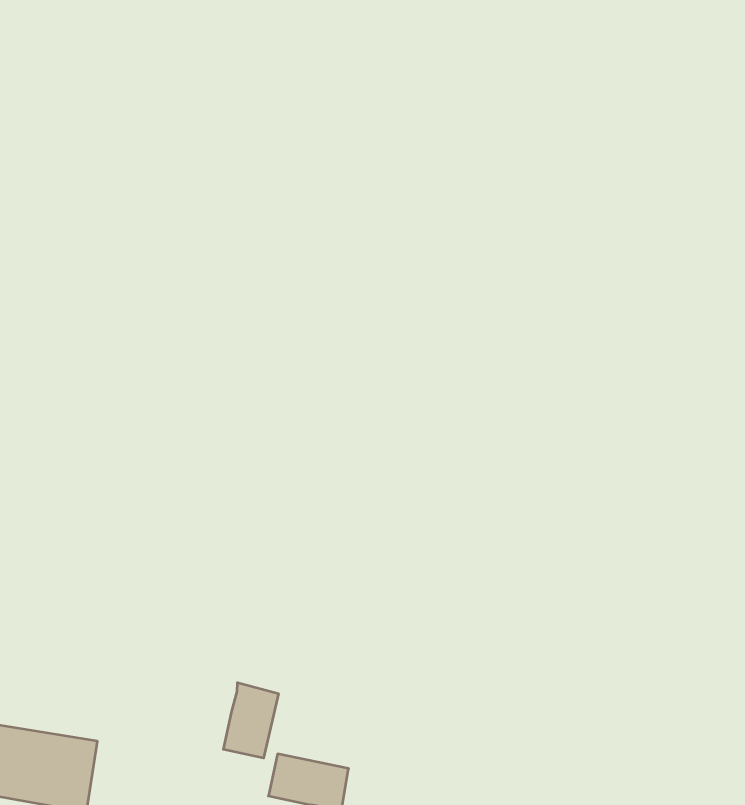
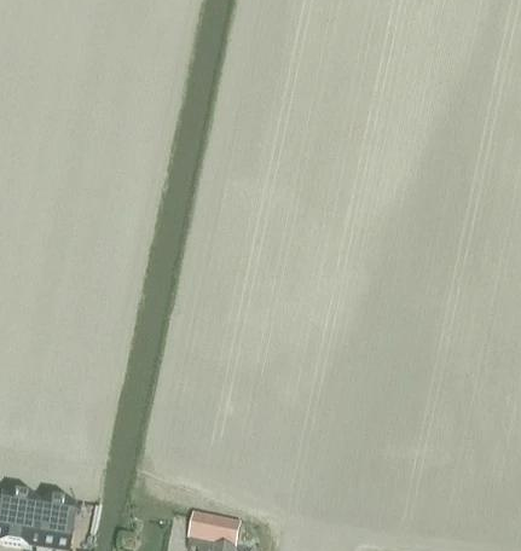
building: [223,683,278,758] -> none

